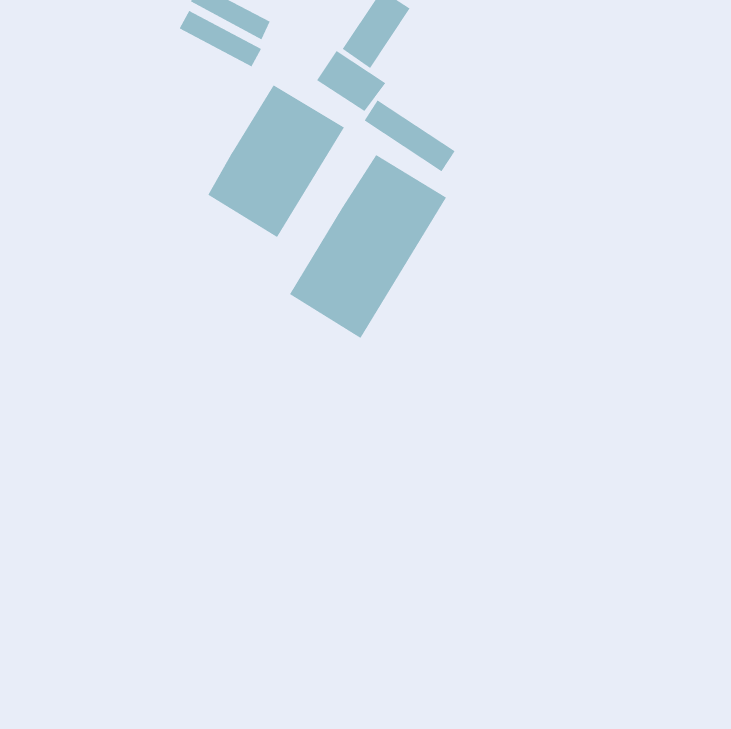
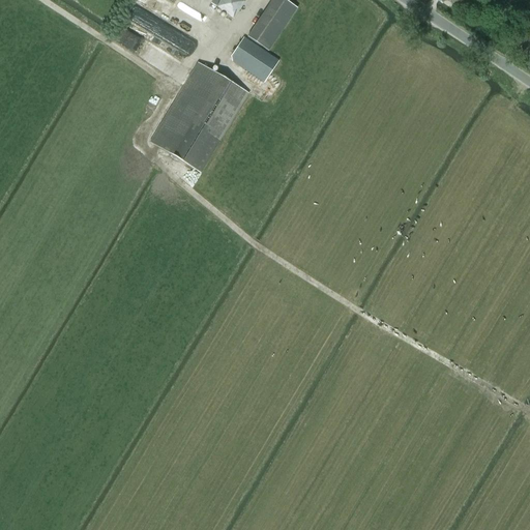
building: [364,100,455,172] -> none
building: [289,154,447,339] -> none

